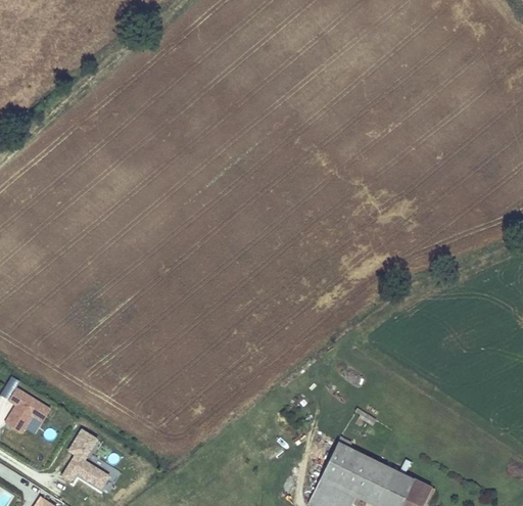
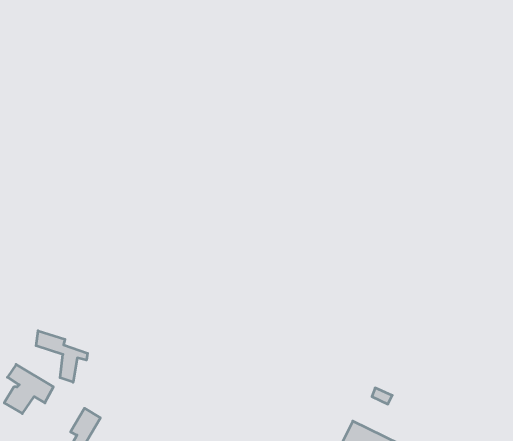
building: none -> [36,331,88,382]

